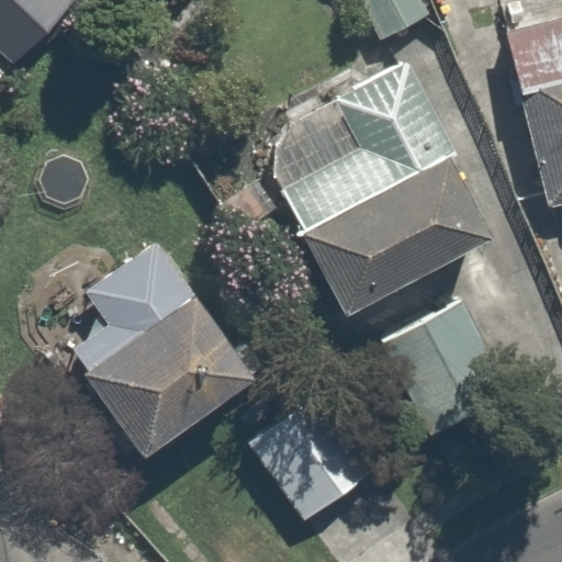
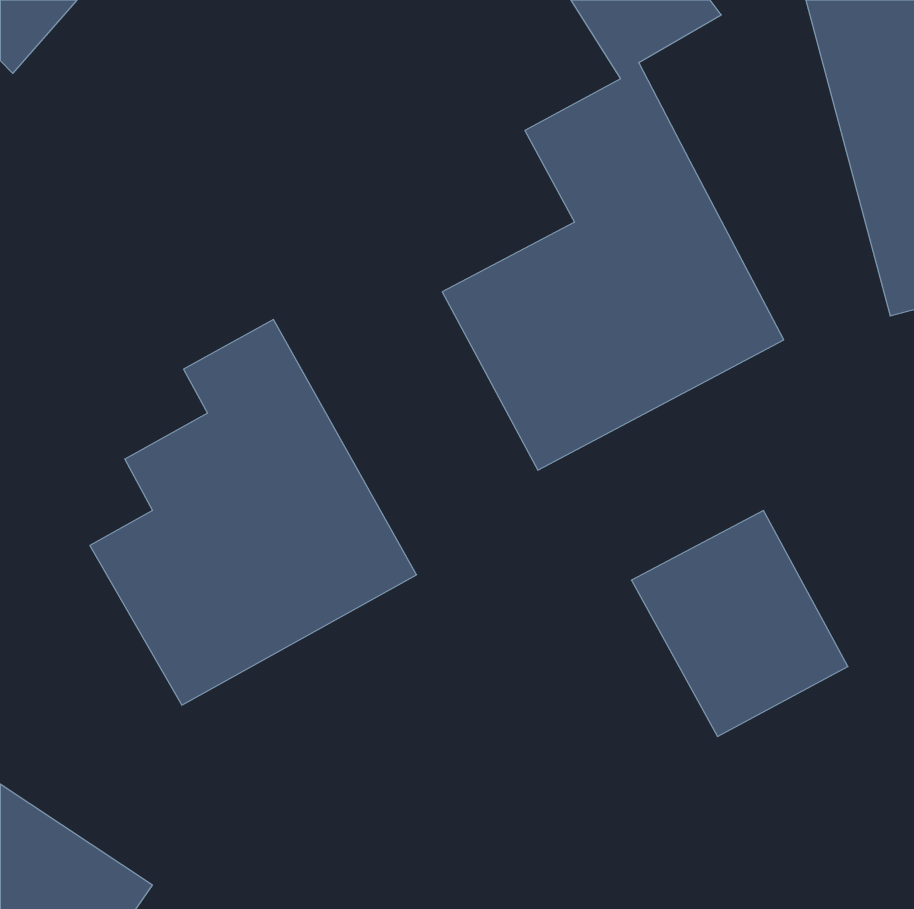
building: [261,400,375,520] -> none

